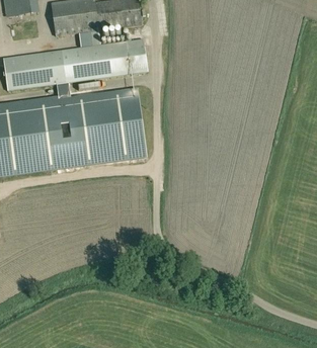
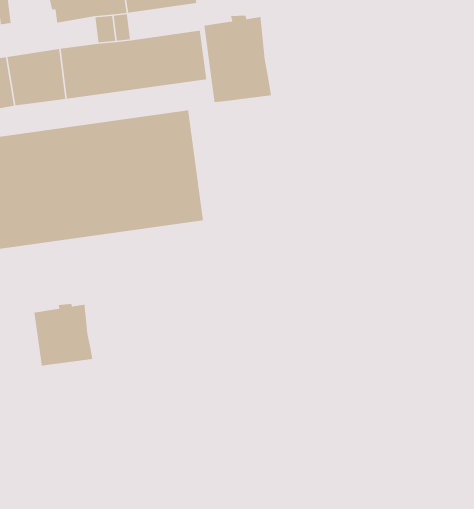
building: none -> [204,15,272,103]
building: none -> [34,303,93,366]

